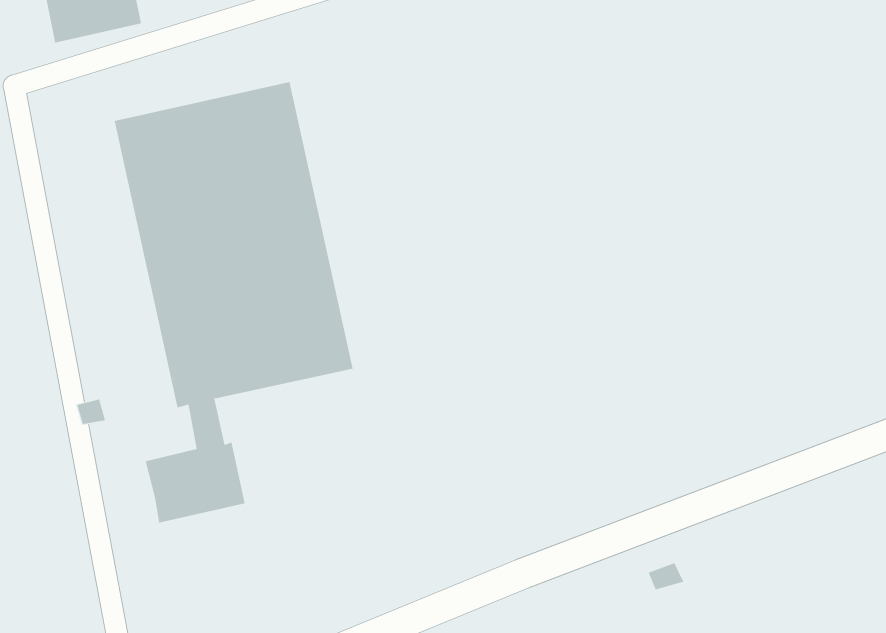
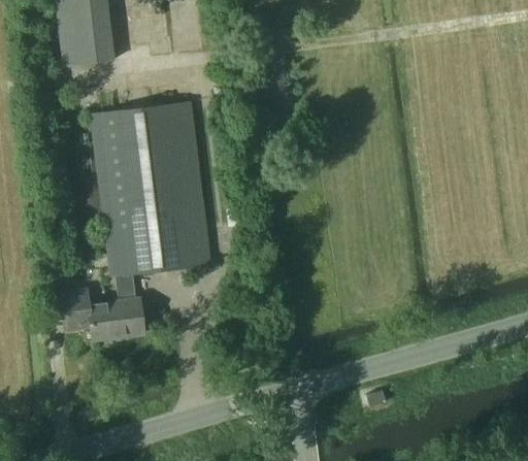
building: none -> [63,289,94,329]

